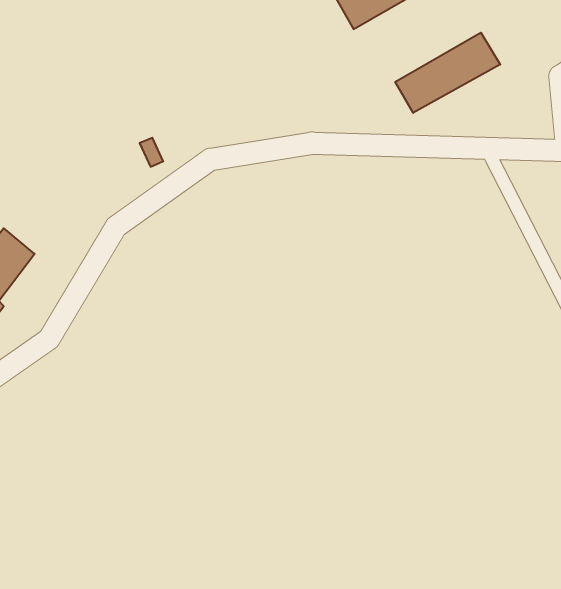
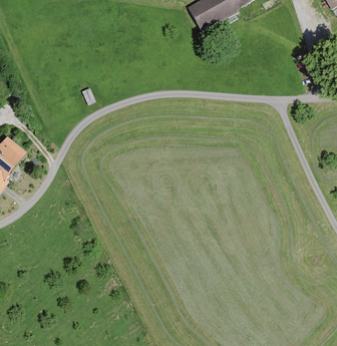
building: [395,33,500,113] -> none

